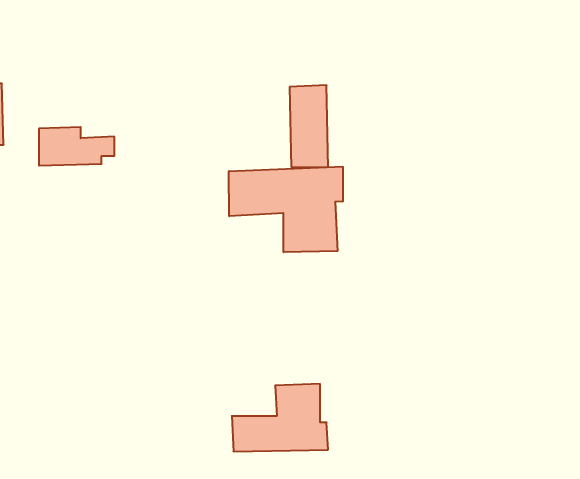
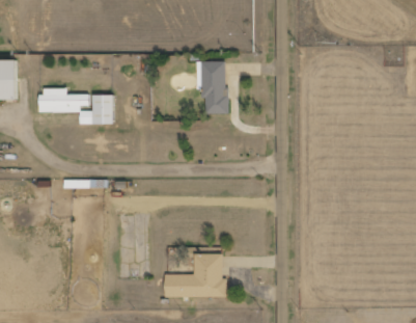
building: none -> [78,95,112,124]
building: [229,167,343,252] -> none

